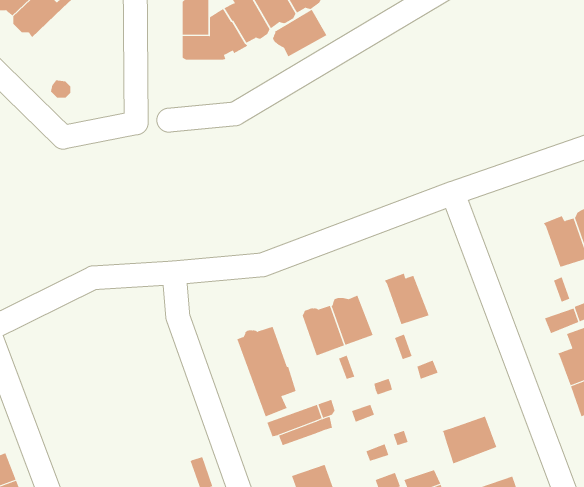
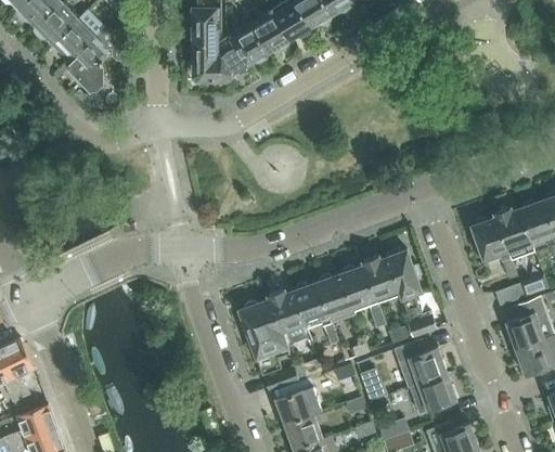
building: none -> [67,36,103,87]
building: [272,9,327,57] -> none
building: none -> [472,218,508,260]
building: none -> [387,250,436,338]
building: none -> [340,266,376,308]
building: none -> [268,290,306,334]
building: none -> [395,340,447,388]
building: none -> [276,387,323,425]

